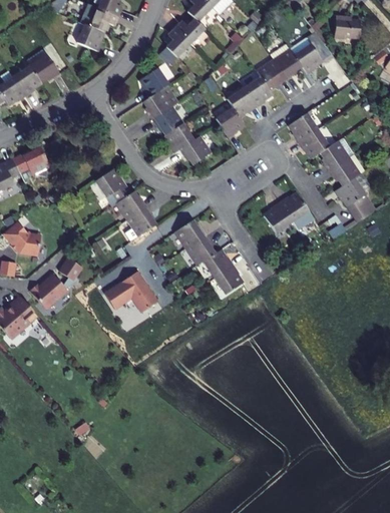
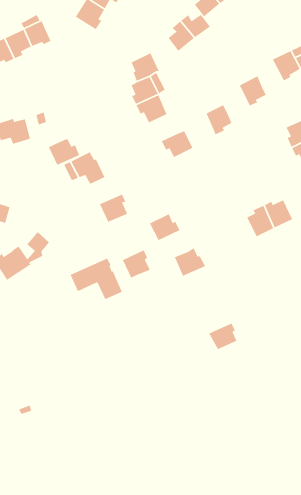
building: [255,60,285,89] -> none
building: [225,89,256,118] -> none
building: [161,126,189,156] -> none
building: [113,192,145,220] -> [48,138,80,166]
building: [185,235,215,266] -> [122,249,151,279]
building: [214,267,243,295] -> [208,323,238,350]

